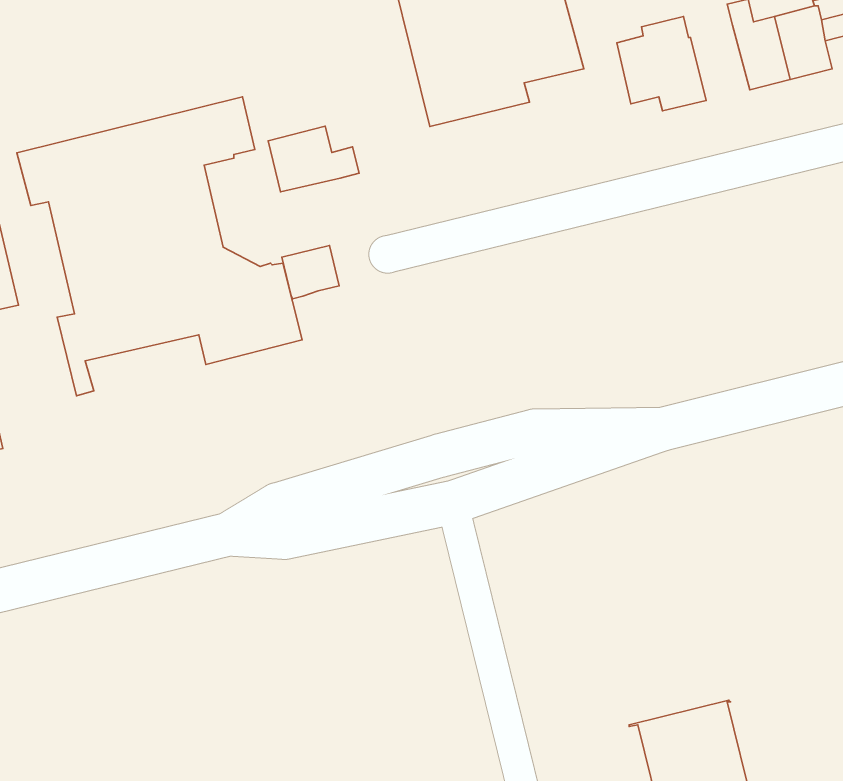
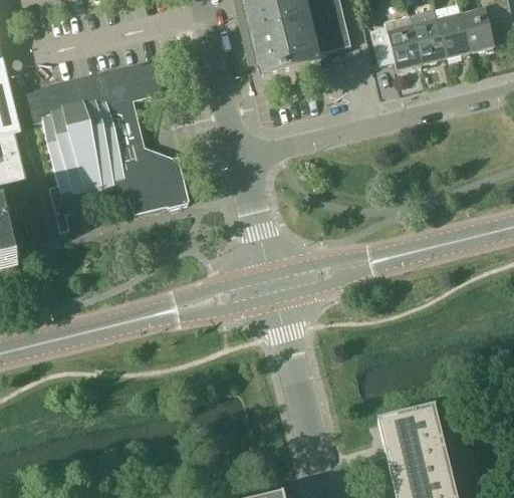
building: none -> [412,19,446,62]
building: [268,126,359,192] -> none
building: [282,245,339,299] -> none

